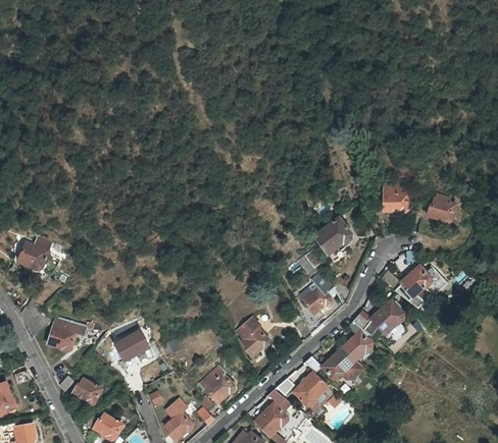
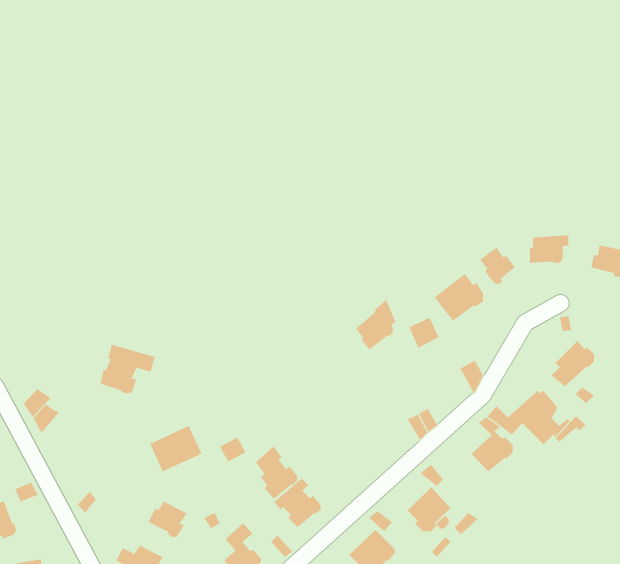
building: none -> [479,247,516,285]
building: [19,241,49,269] -> none
building: [301,277,331,314] -> [355,299,396,350]
building: [47,315,87,350] -> [100,344,155,394]
building: [238,318,268,356] -> [255,446,298,500]
building: [322,348,363,379] -> none
building: [71,378,100,404] -> [148,501,188,538]

